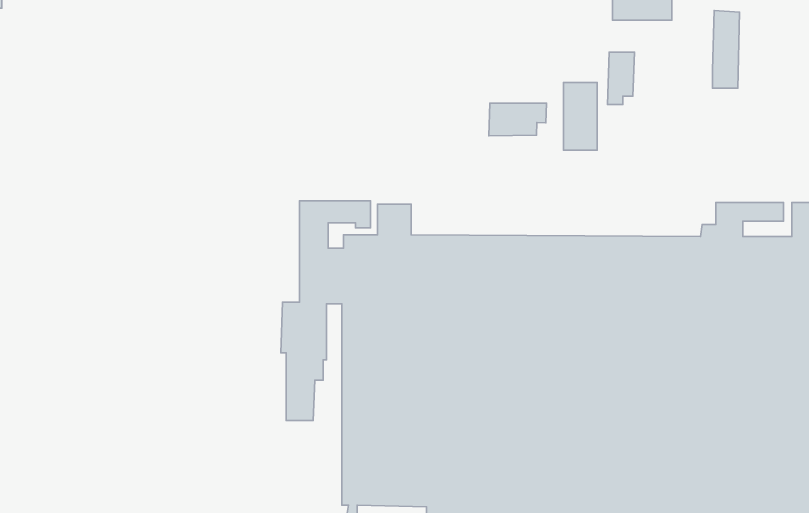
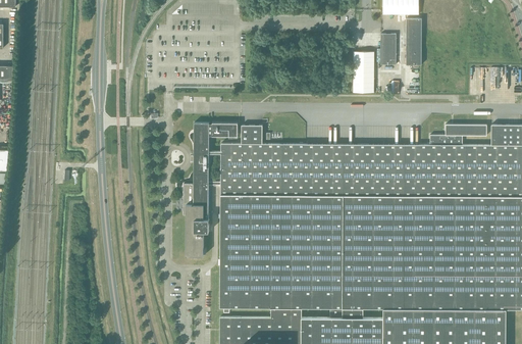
building: [712,11,739,88] -> [406,18,422,65]
building: [489,103,546,136] -> none

